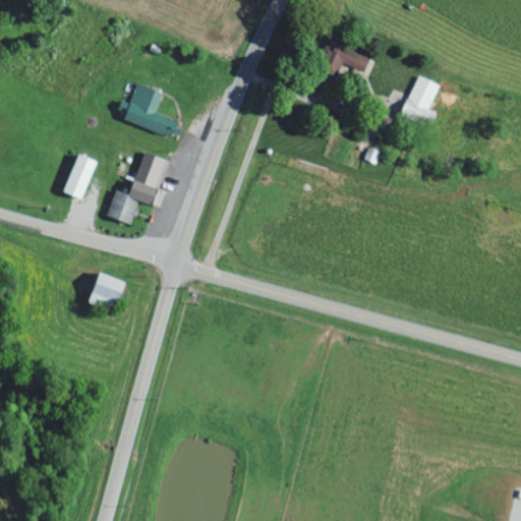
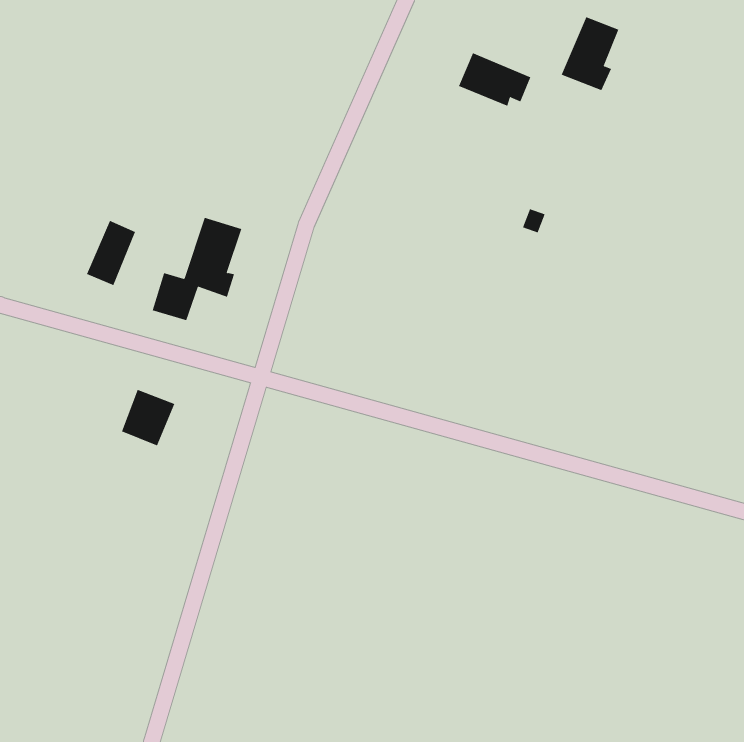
building: [400,75,441,127] -> [561,16,619,91]
building: [124,82,177,136] -> none

